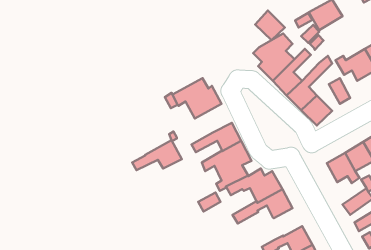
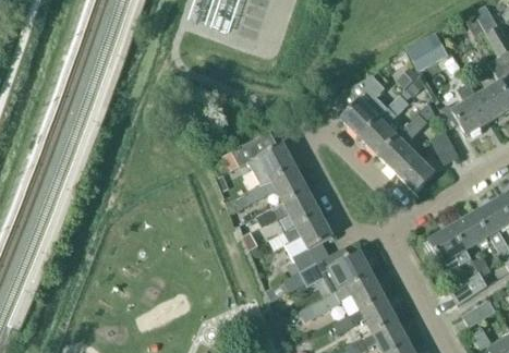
building: [255,11,285,40] -> none
building: [132,140,182,170] -> [244,163,307,202]
building: none -> [334,295,397,332]

